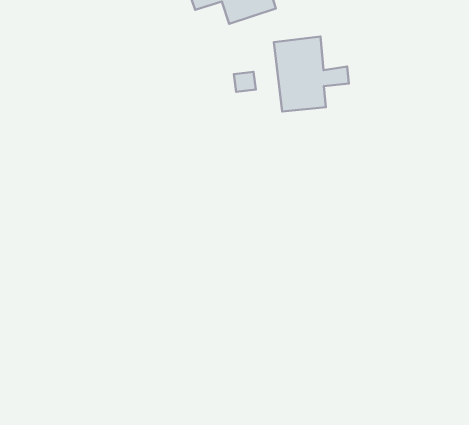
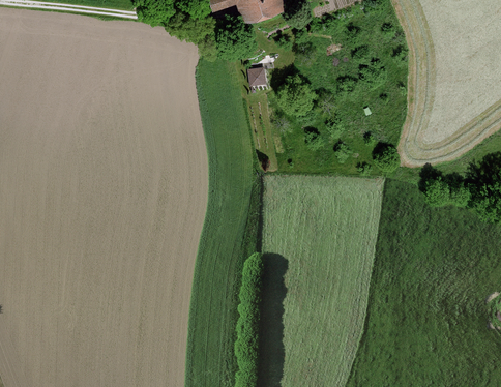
building: [274,37,349,112] -> none

